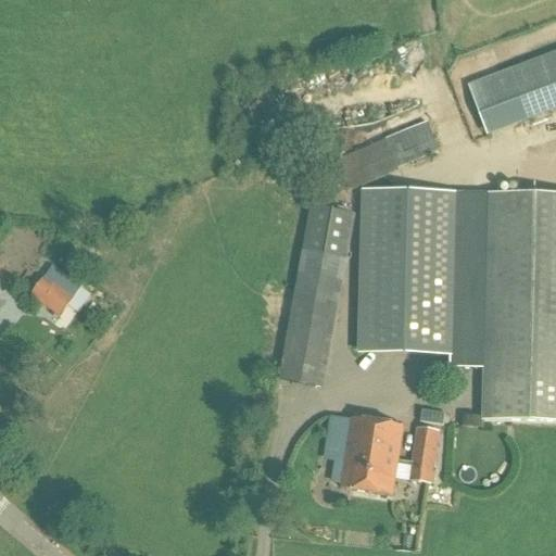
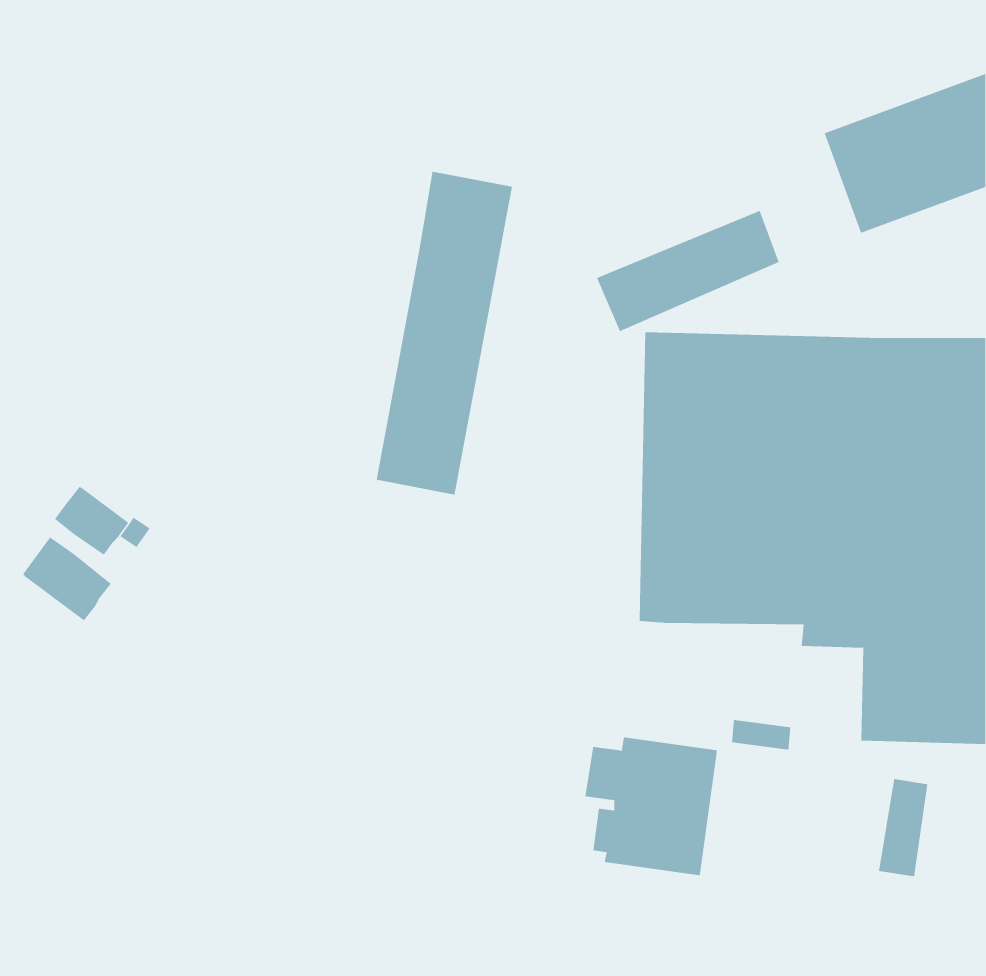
building: [279,202,356,384] -> [376,171,513,495]
building: none -> [22,537,111,621]
building: [409,425,438,480] -> [878,779,928,877]

